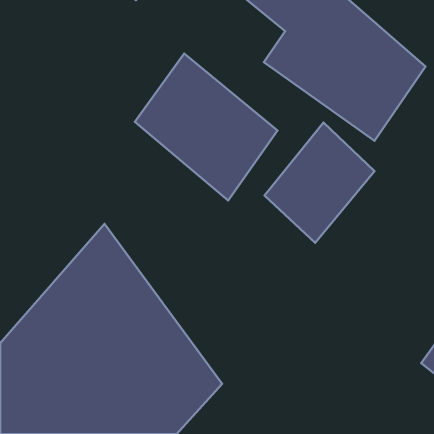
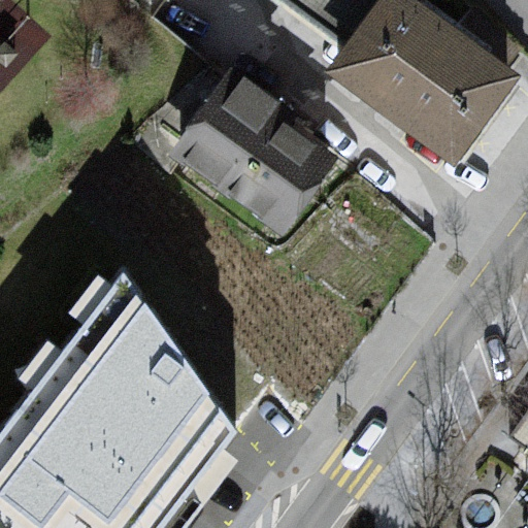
building: [265,122,374,243] -> none

